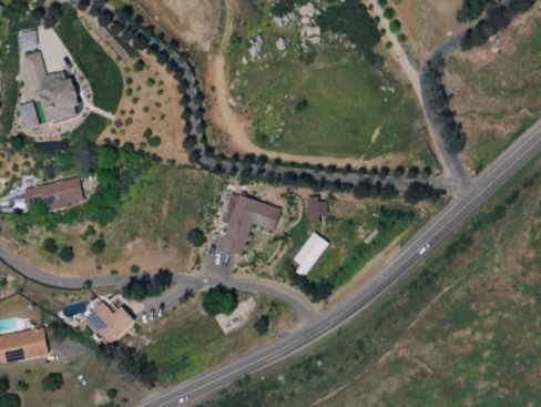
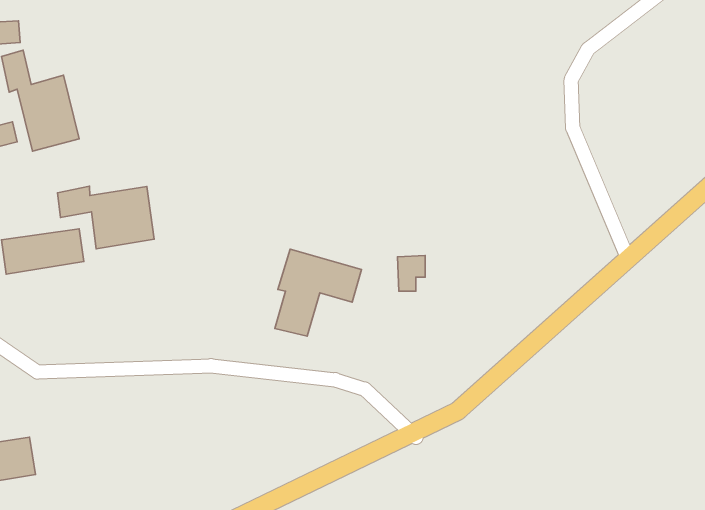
building: none -> [57,186,154,249]
building: [293,232,327,277] -> none
building: [84,301,134,344] -> none

